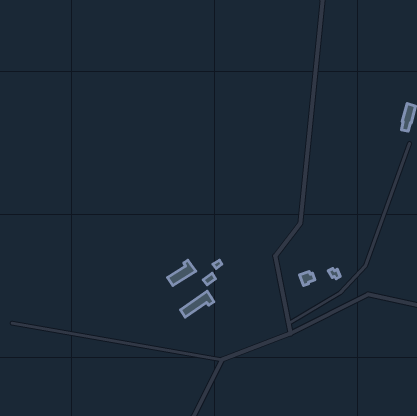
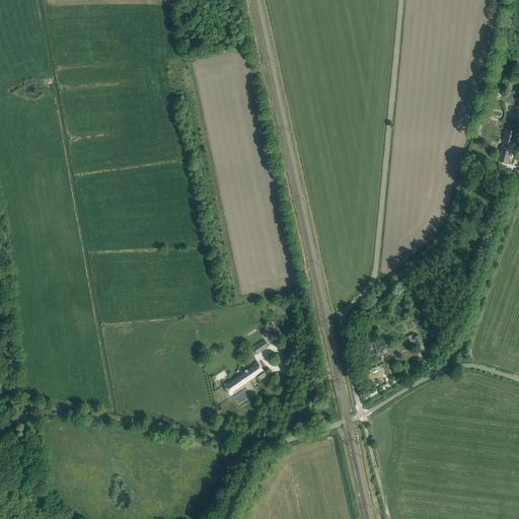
building: [167,260,196,286] -> none

